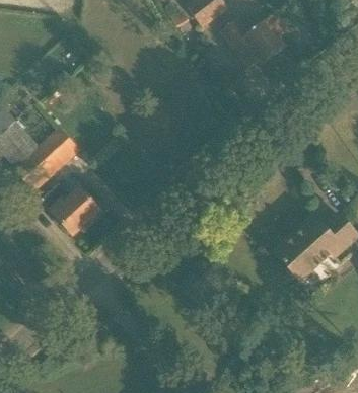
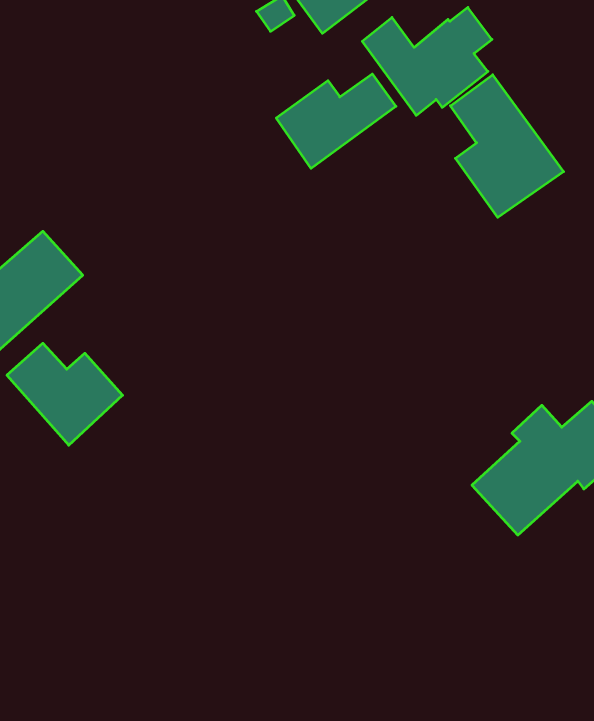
building: none -> [276,74,396,168]
building: none -> [450,75,564,217]

